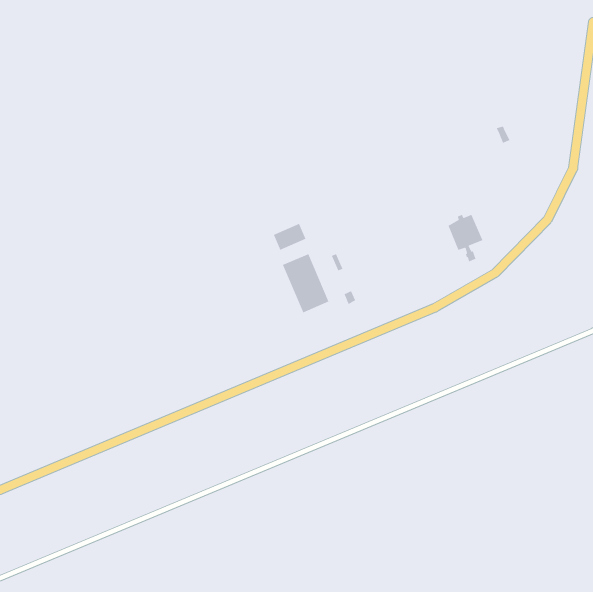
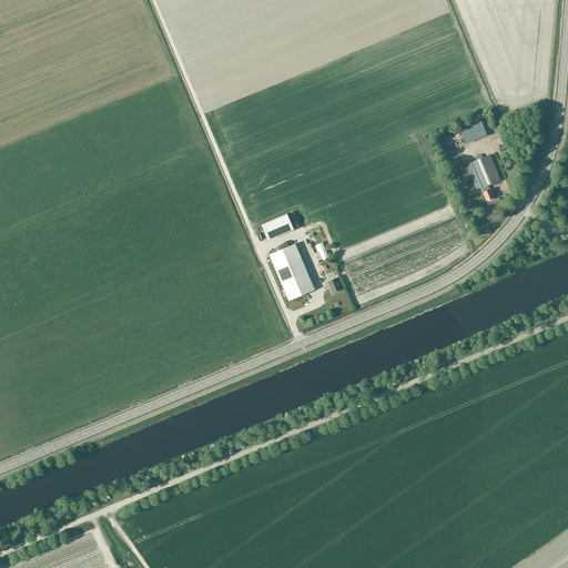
building: [448,214,483,262] -> [467,153,501,200]

